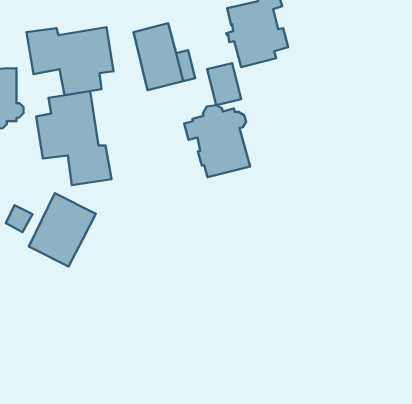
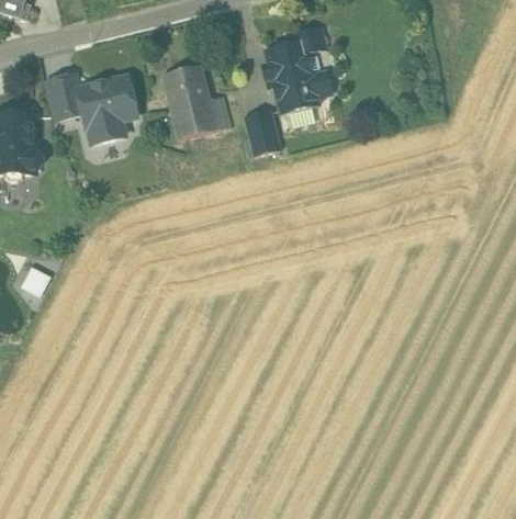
building: [36,91,112,185] -> none
building: [184,105,250,177] -> none
building: [29,193,96,267] -> none

